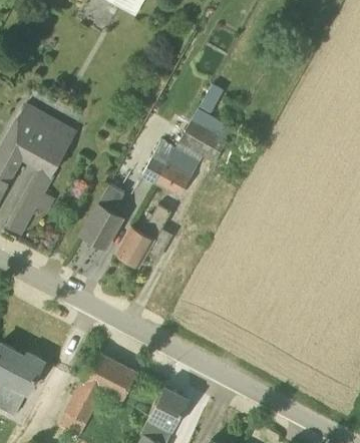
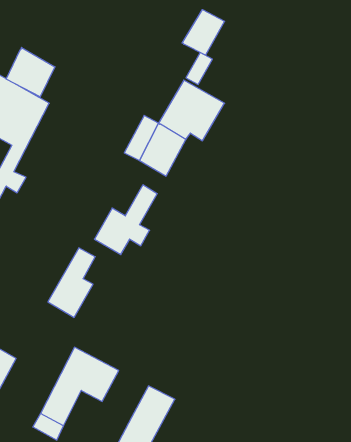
building: none -> [182,10,225,55]
building: none -> [6,47,55,97]
building: [81,185,124,249] -> [48,248,95,317]

